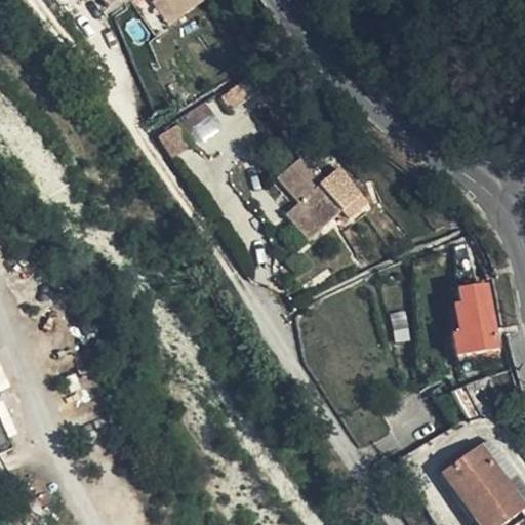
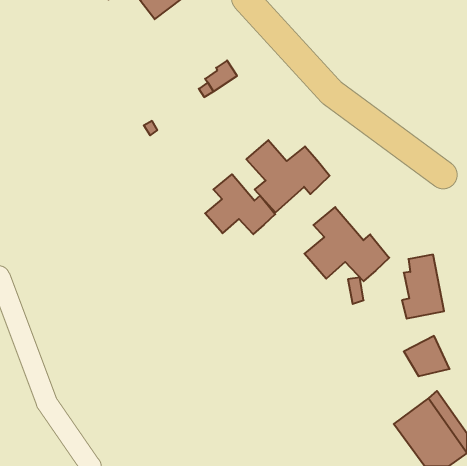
building: none -> [205,174,275,234]
building: none -> [304,207,389,281]

